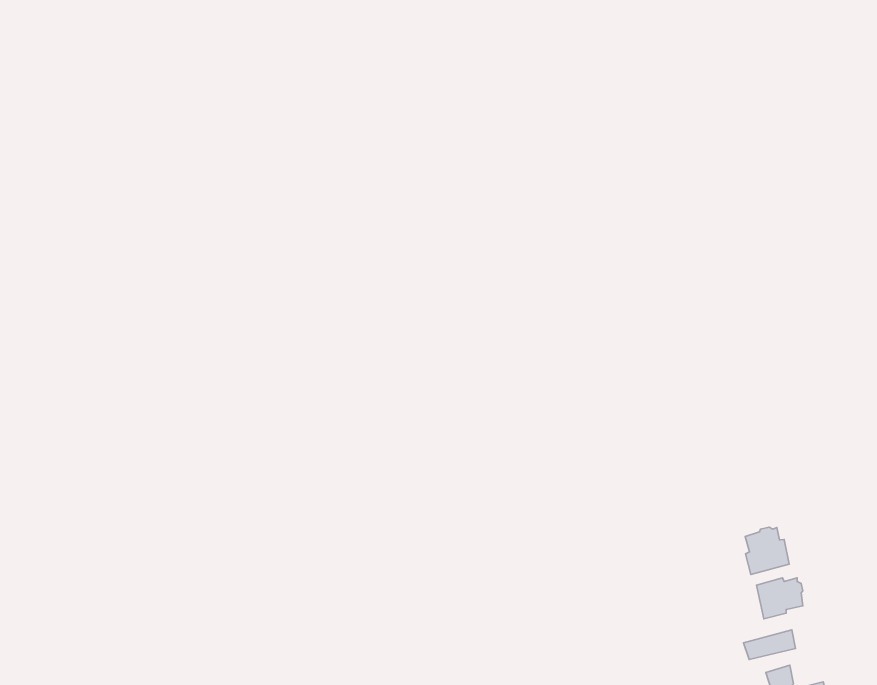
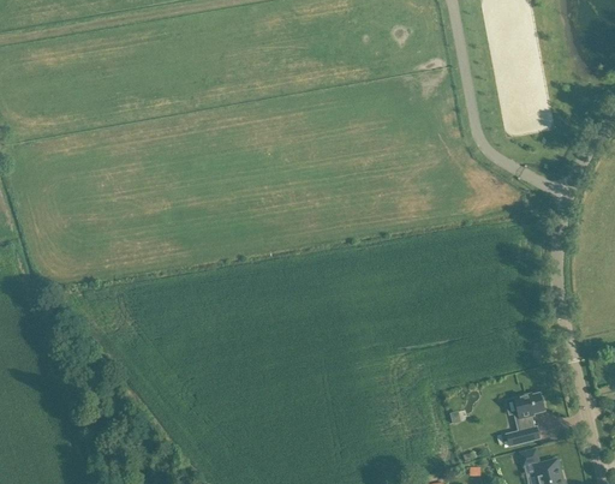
building: [745,527,789,574] -> none

